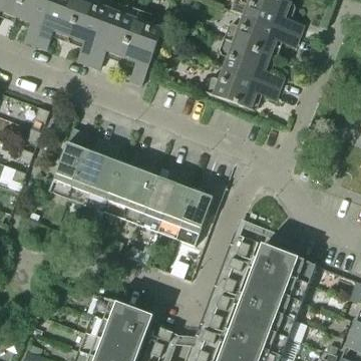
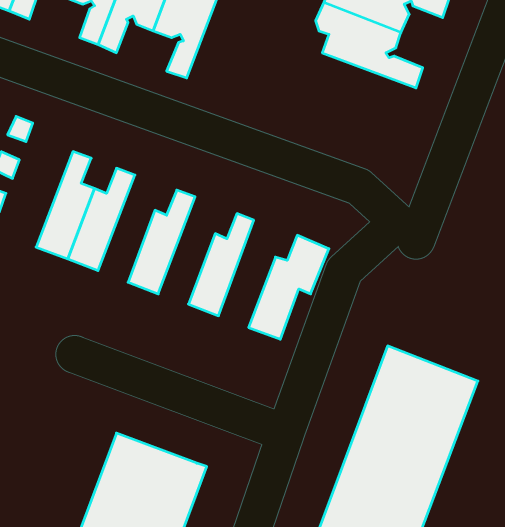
building: [203,68,278,108] -> none
building: [87,141,121,206] -> none
building: [123,154,157,219] -> none
building: [159,168,194,233] -> none

